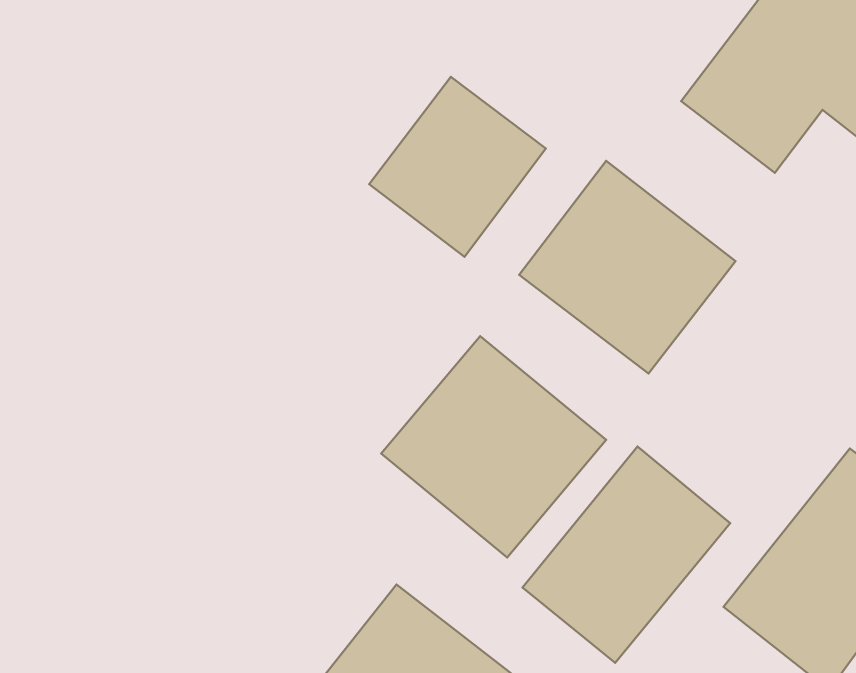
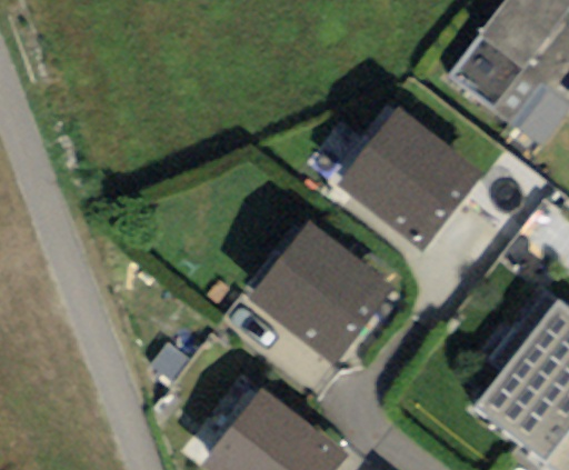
building: [369,77,546,257] -> none
building: [523,447,730,663] -> none

